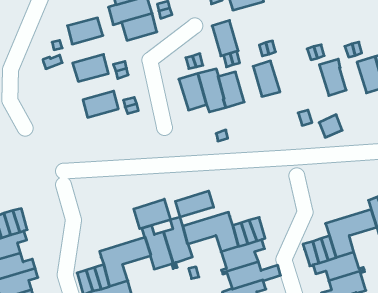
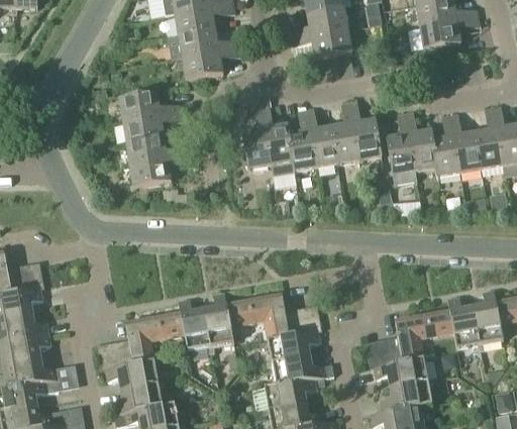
building: [67,18,103,44] -> [124,115,165,142]
building: [212,20,238,56] -> [310,126,337,167]
building: none -> [352,118,382,159]
building: none -> [432,135,460,177]
building: none -> [387,133,416,175]
building: none -> [130,157,172,187]
building: [175,191,214,217] -> none
building: [134,199,171,229] -> none

